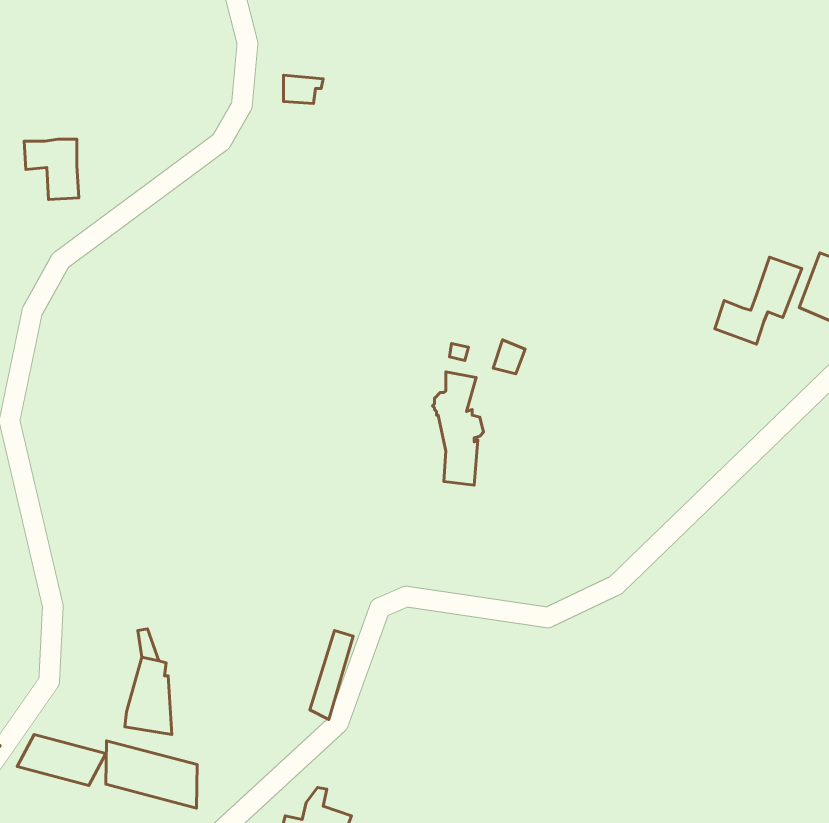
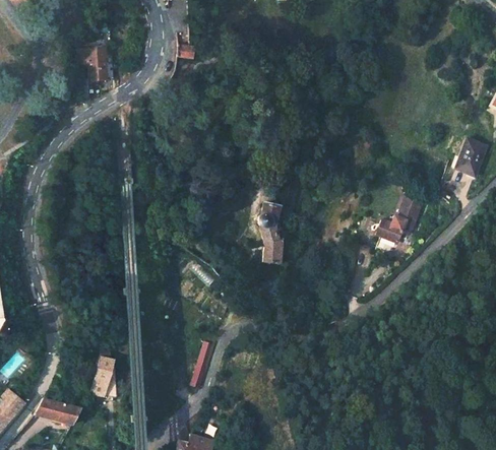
building: [24,139,79,200] -> [76,48,106,80]
building: [715,257,802,344] -> [374,200,421,247]
building: [106,741,197,808] -> none

